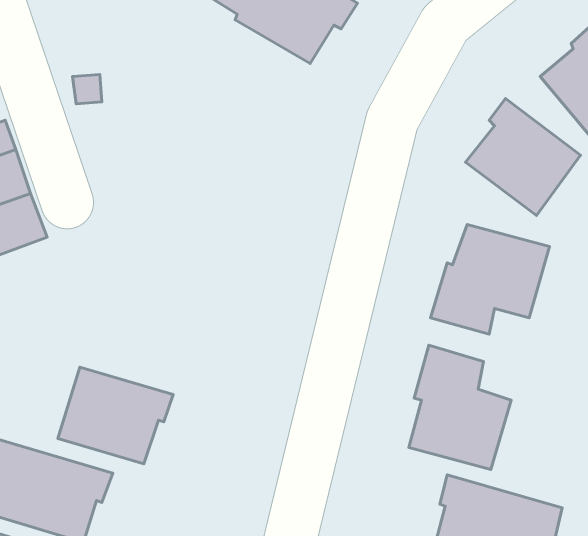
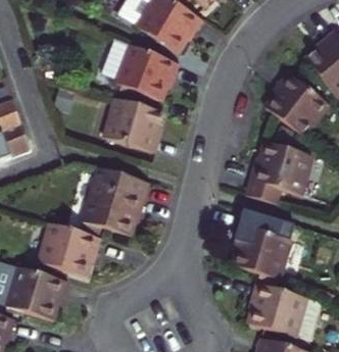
building: none -> [101,38,181,100]
building: none -> [105,98,162,152]
building: none -> [82,166,149,236]

